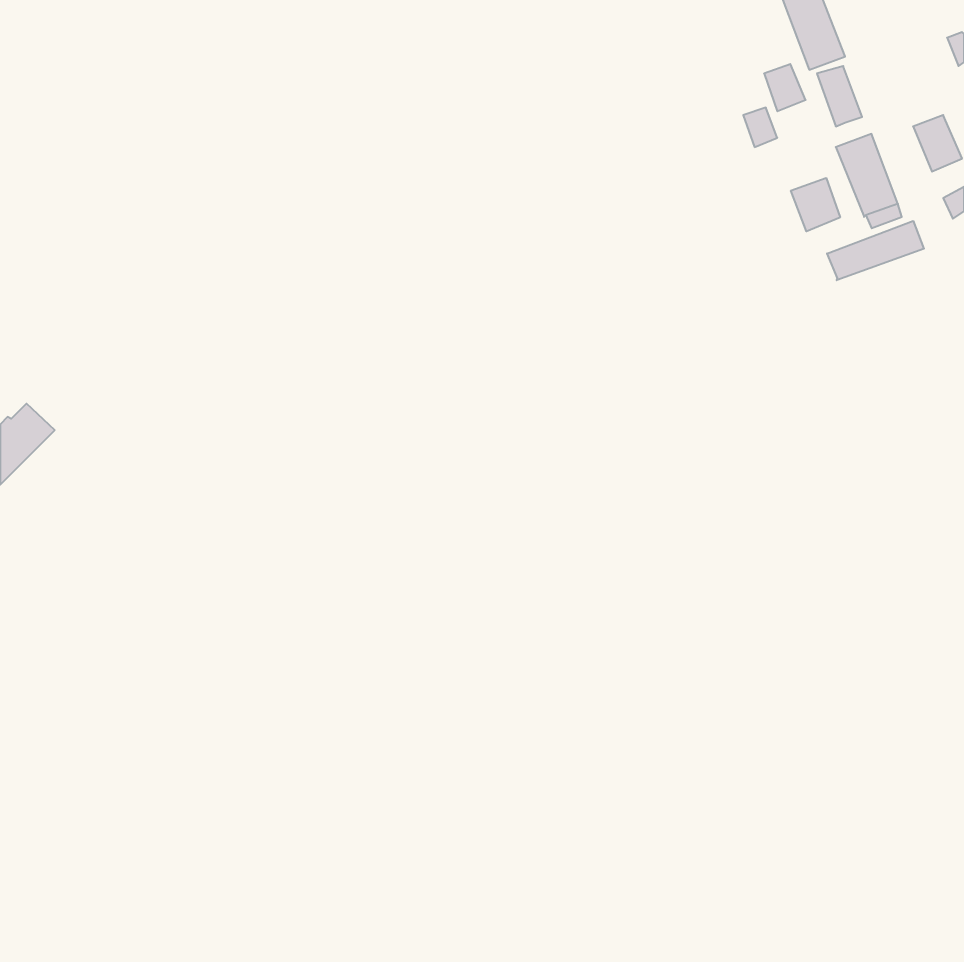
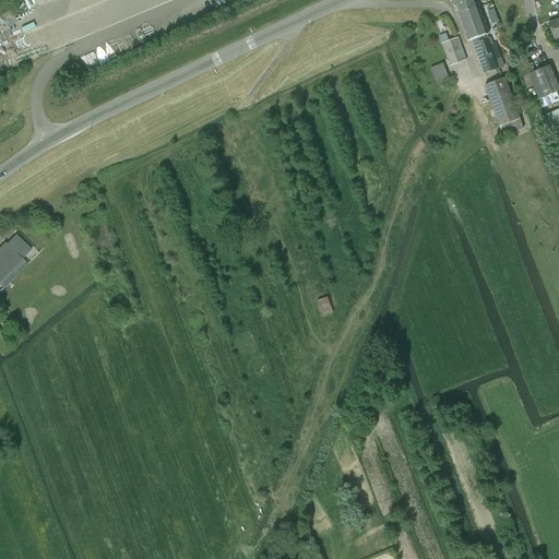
building: [791,178,840,231] -> none
building: [827,221,924,280] -> none

